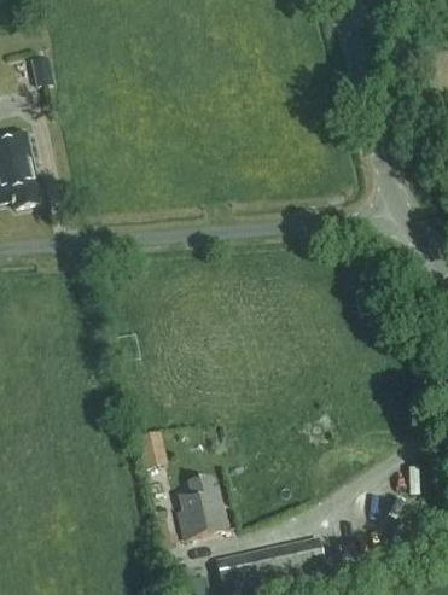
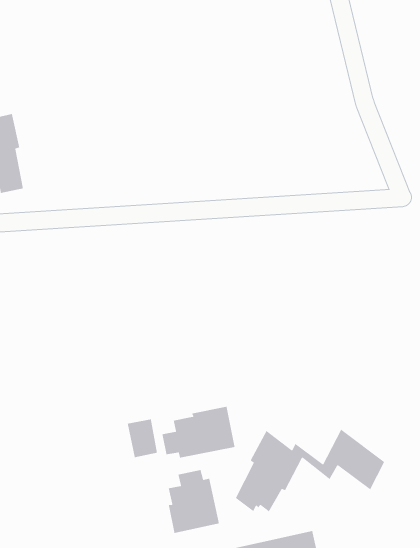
building: none -> [161,406,236,459]
building: none -> [235,428,385,512]

